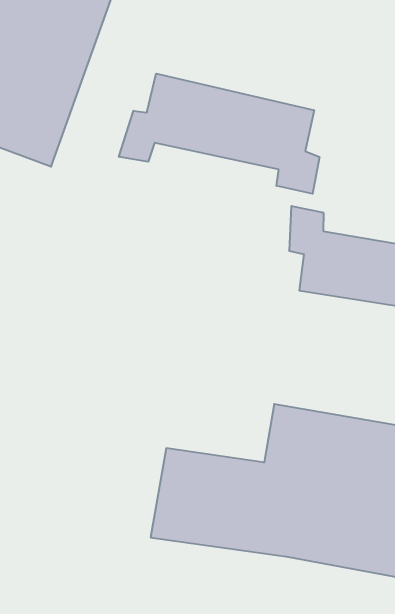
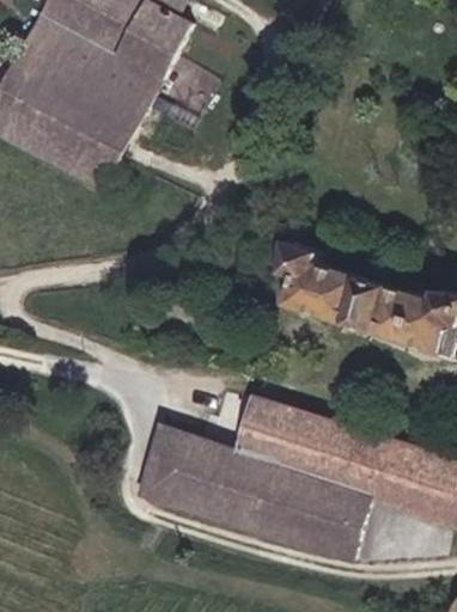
building: [119,74,320,194] -> none

